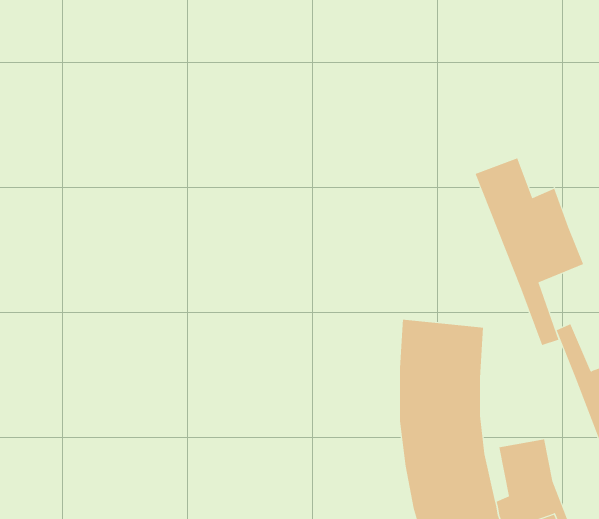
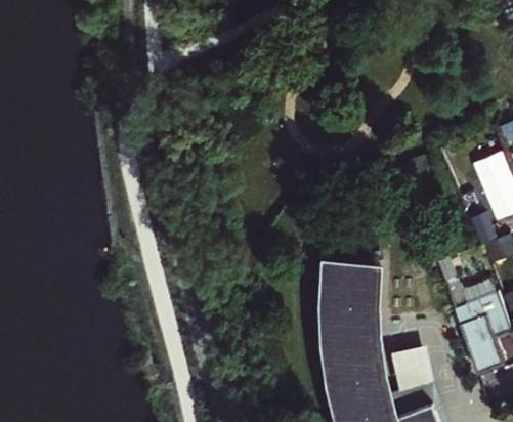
building: [475,157,584,346] -> none

